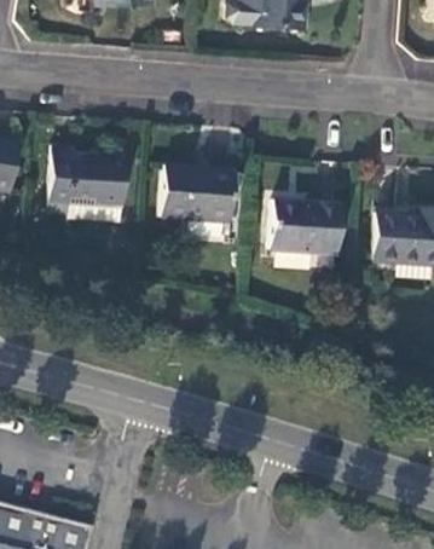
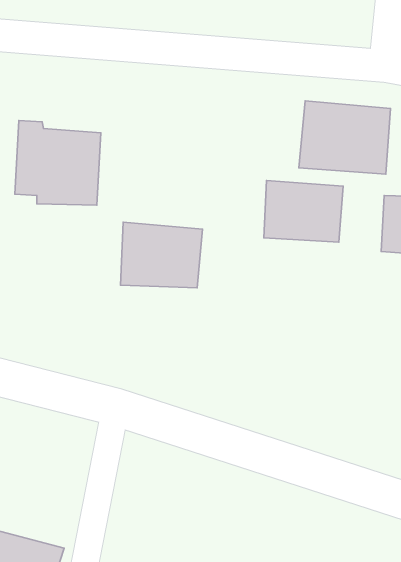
building: none -> [299,101,390,174]
building: [161,163,233,221] -> [120,222,202,288]

